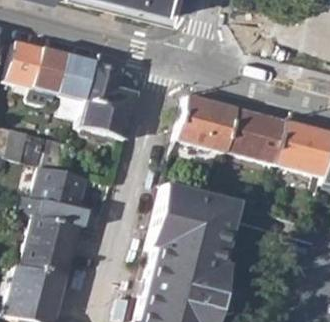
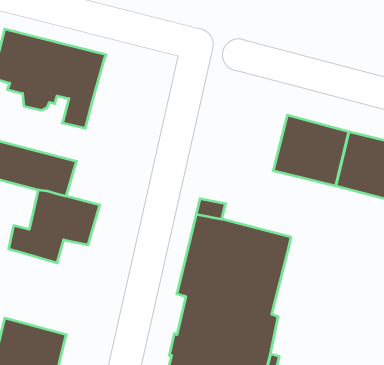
building: [79,63,139,140] -> none
building: [178,96,238,151] -> none
building: [22,216,80,279] -> none

